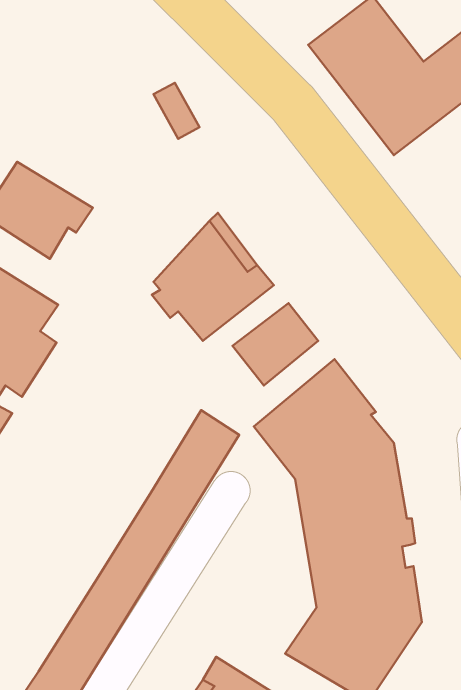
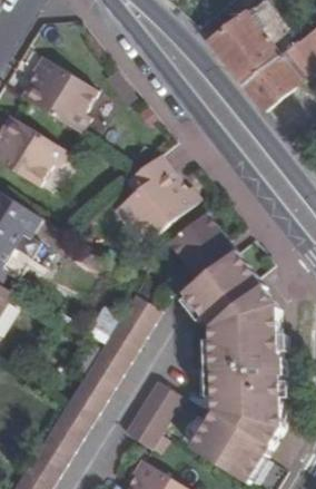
building: none -> [24,59,93,130]
building: none -> [128,375,186,442]

